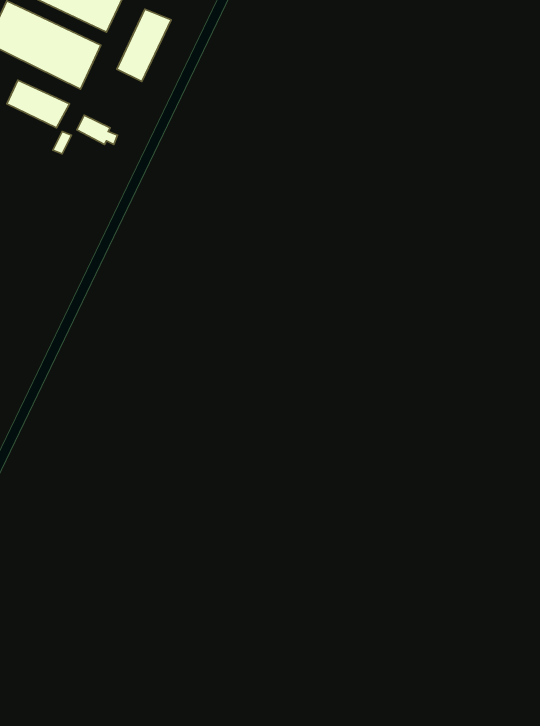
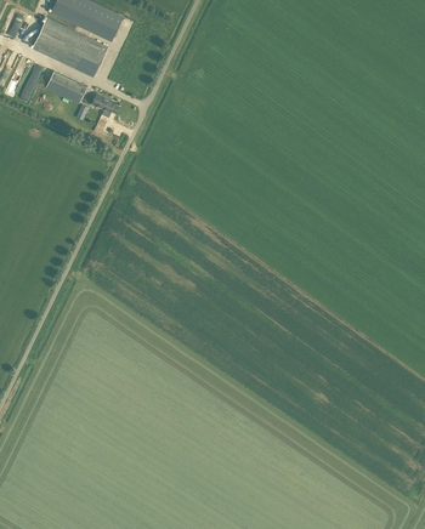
building: [117,9,171,81] -> none

